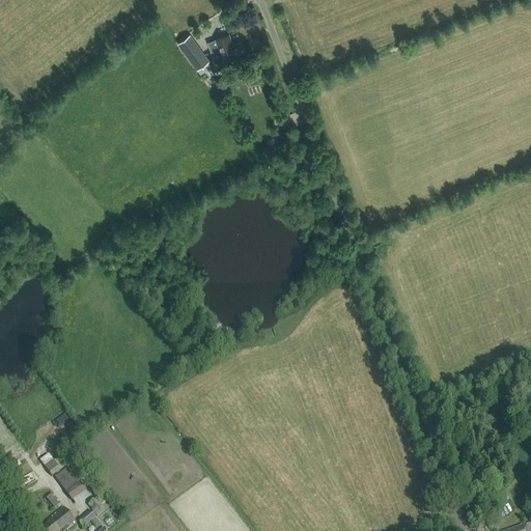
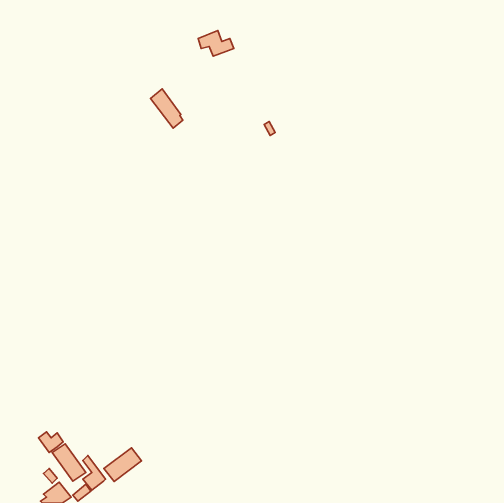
building: [177,31,212,73] -> [150,89,183,128]
building: none -> [104,448,142,482]

